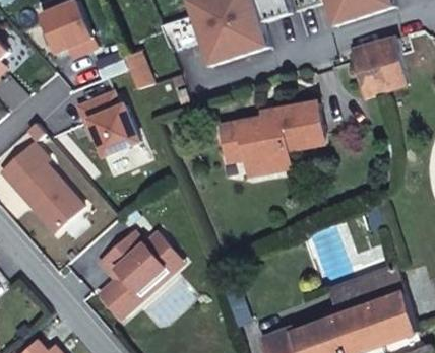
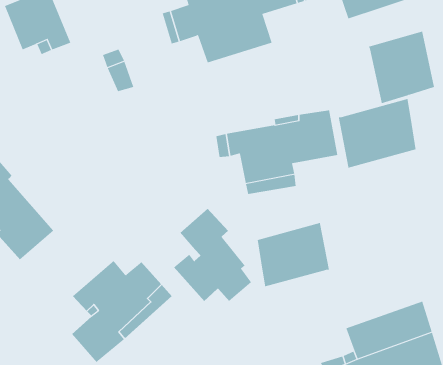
building: [75,91,138,155] -> none
building: none -> [338,98,416,169]
building: none -> [173,208,252,302]
building: none -> [257,222,329,287]

